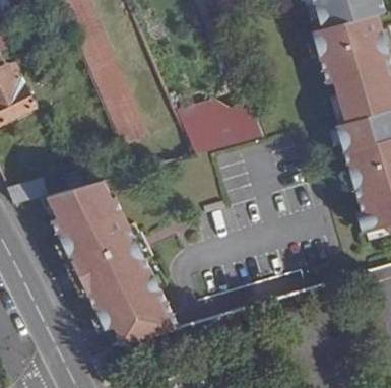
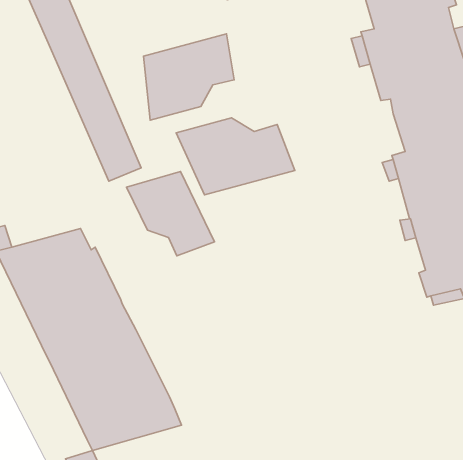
building: none -> [144,34,234,120]
building: none -> [127,172,215,256]

